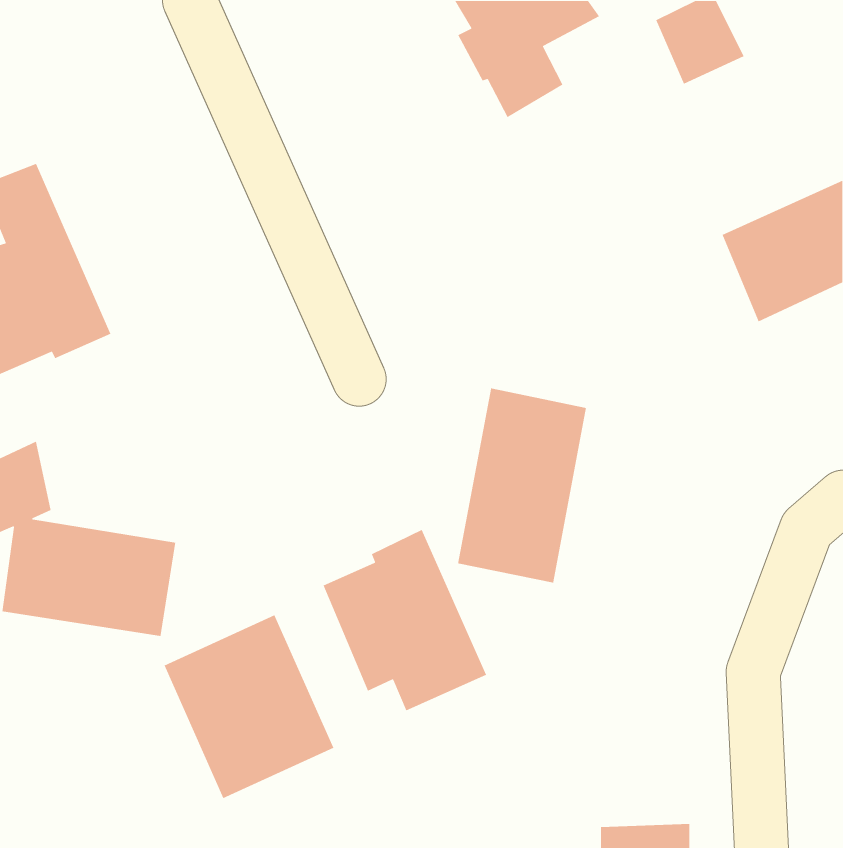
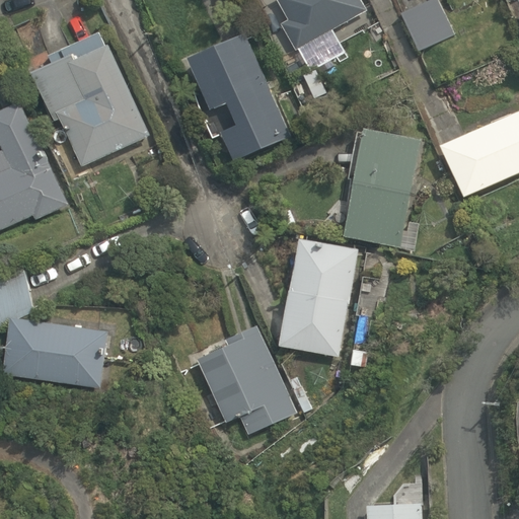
building: none -> [31,32,150,167]
building: none -> [188,32,289,161]
building: none -> [343,127,421,248]
building: [163,614,334,799] -> none

